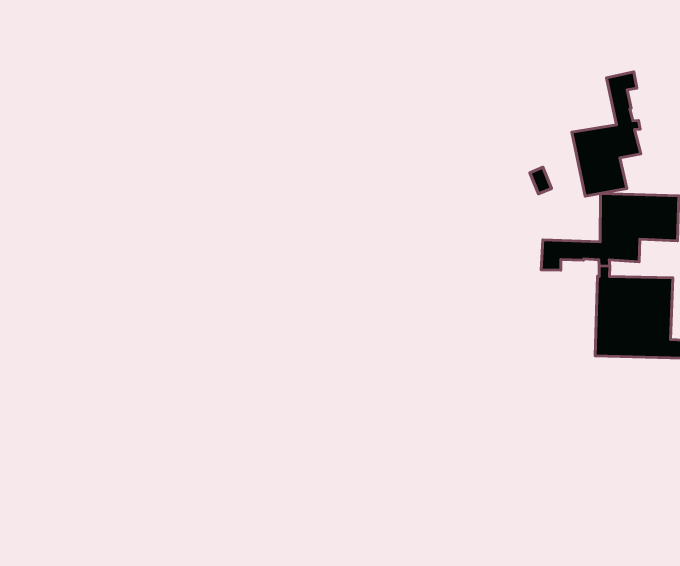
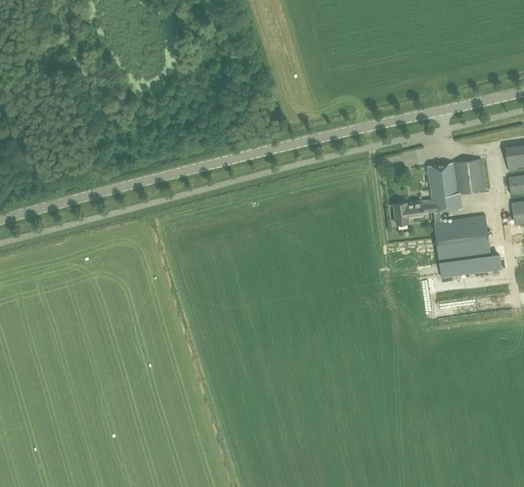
building: [572,72,641,196] -> none

